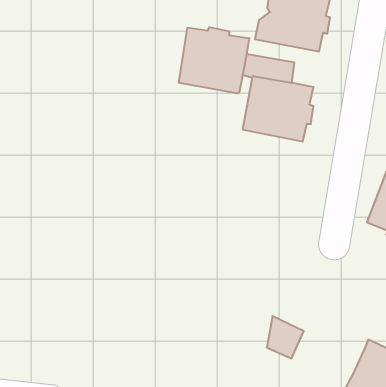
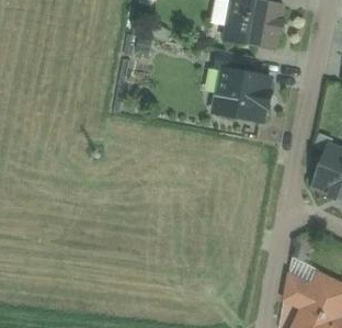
building: [179,27,249,93] -> none
building: [267,316,304,358] -> [282,274,311,308]

